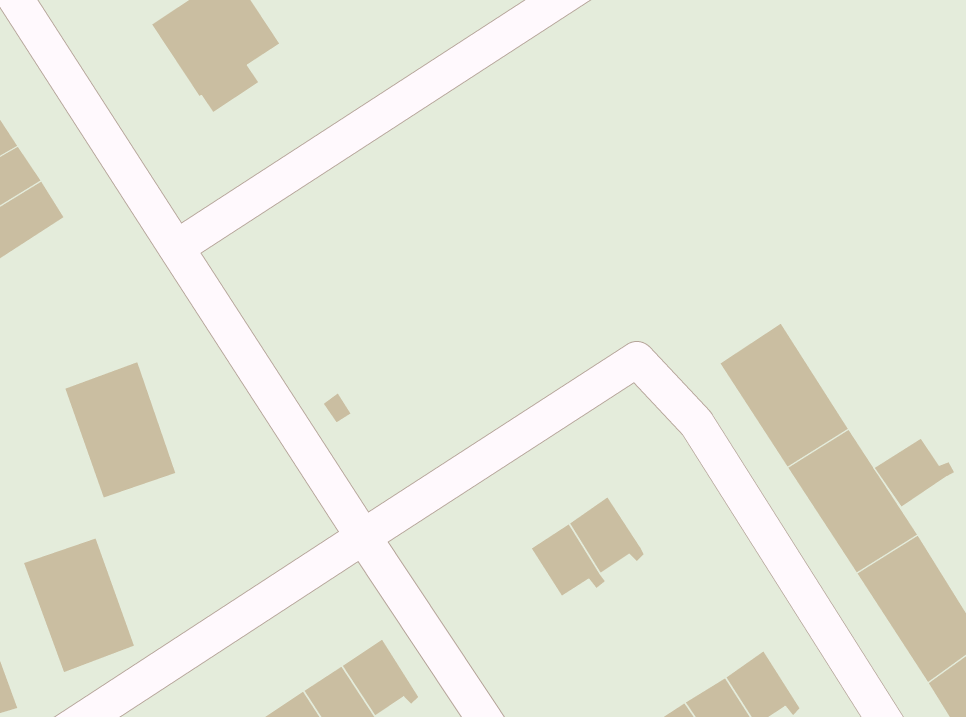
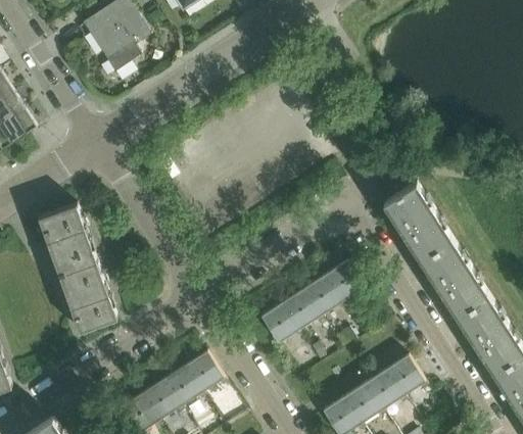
building: [874,438,955,507] -> none
building: none -> [324,260,365,300]
building: [23,538,135,673] -> [56,261,115,333]
building: none -> [262,301,302,341]

